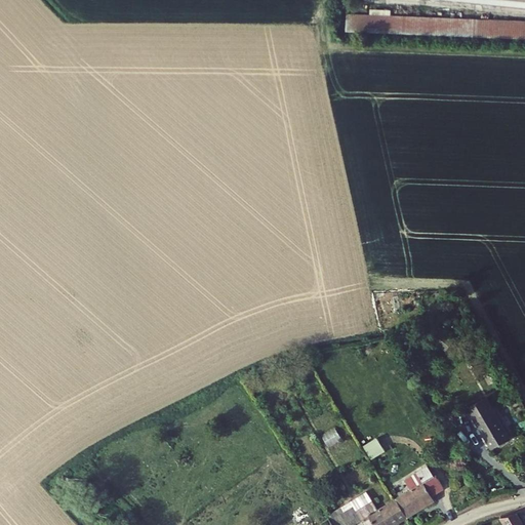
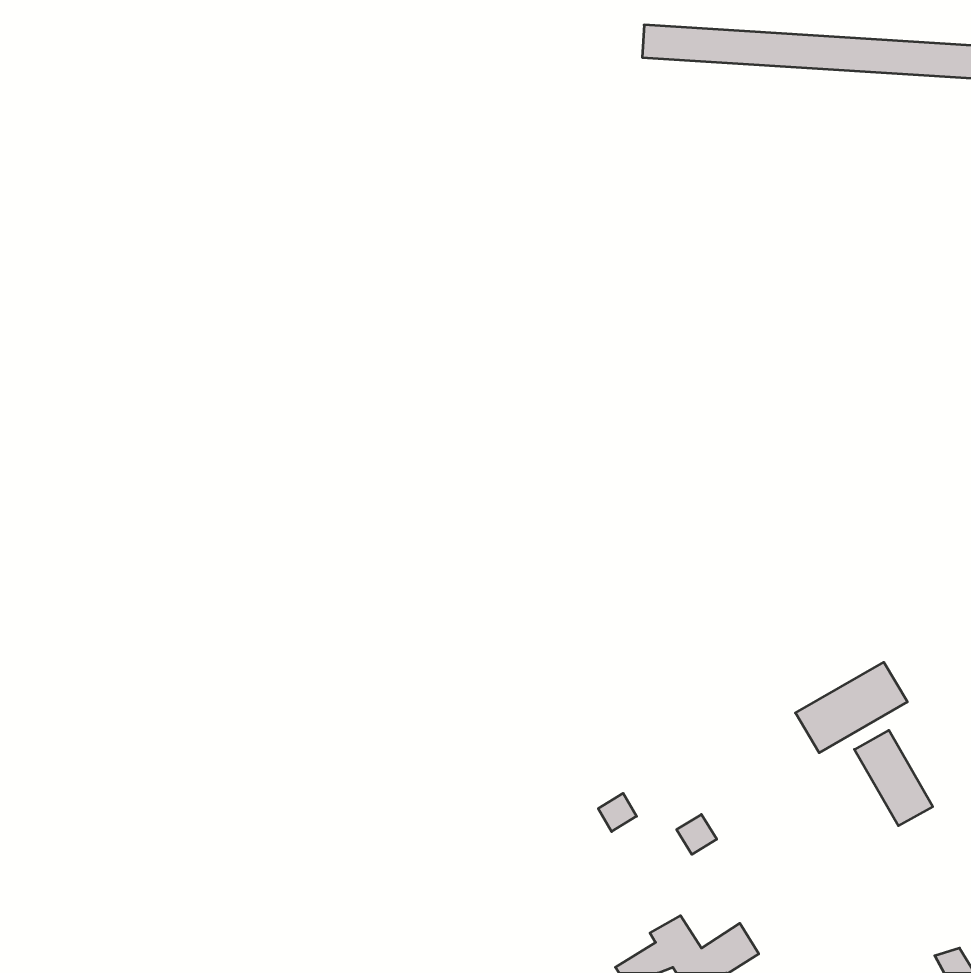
building: none -> [795,662,907,753]
building: [400,463,444,512] -> none

